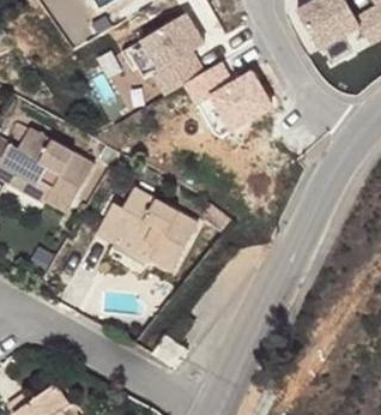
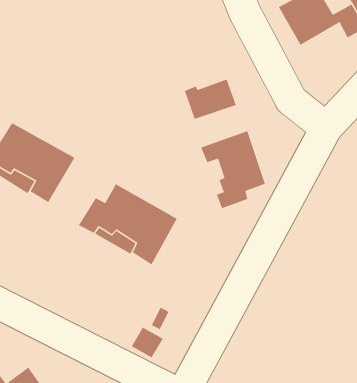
building: [125,17,198,98] -> none
building: none -> [200,130,266,209]

